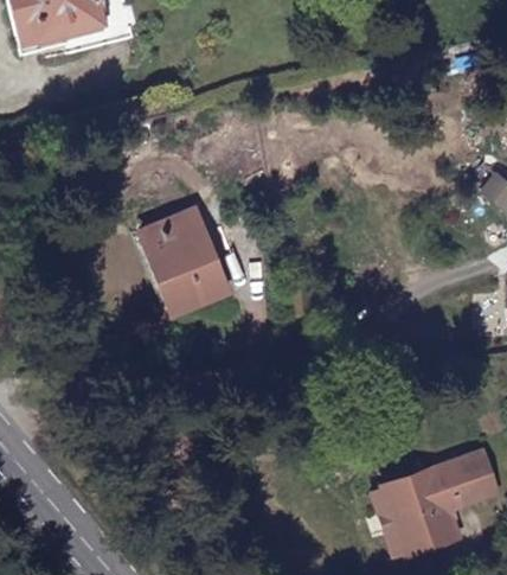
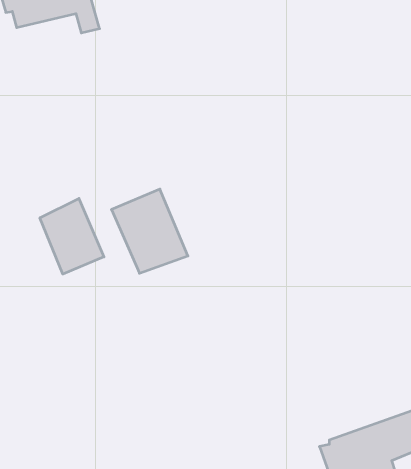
building: none -> [40,198,104,274]

